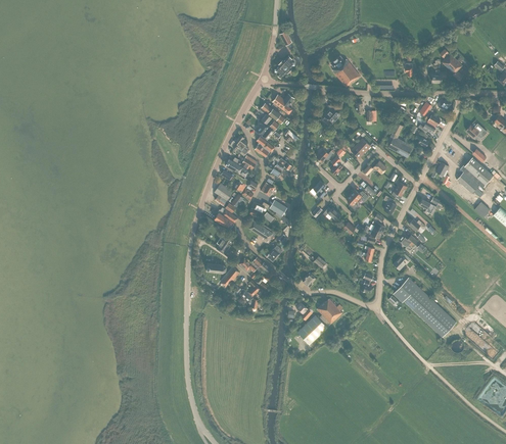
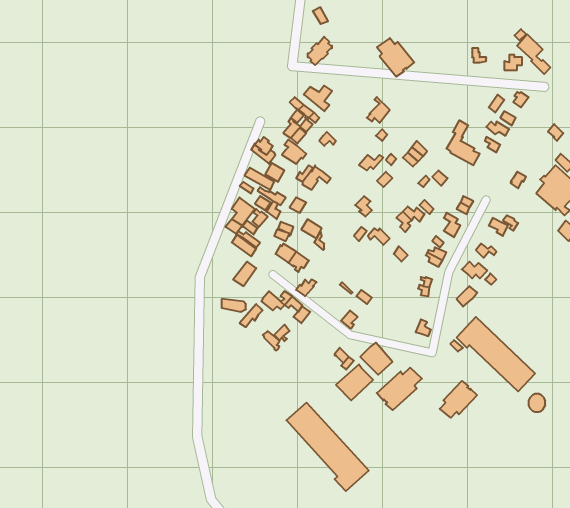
building: none -> [377,368,422,410]
building: none -> [440,381,477,418]
building: none -> [286,403,369,491]

